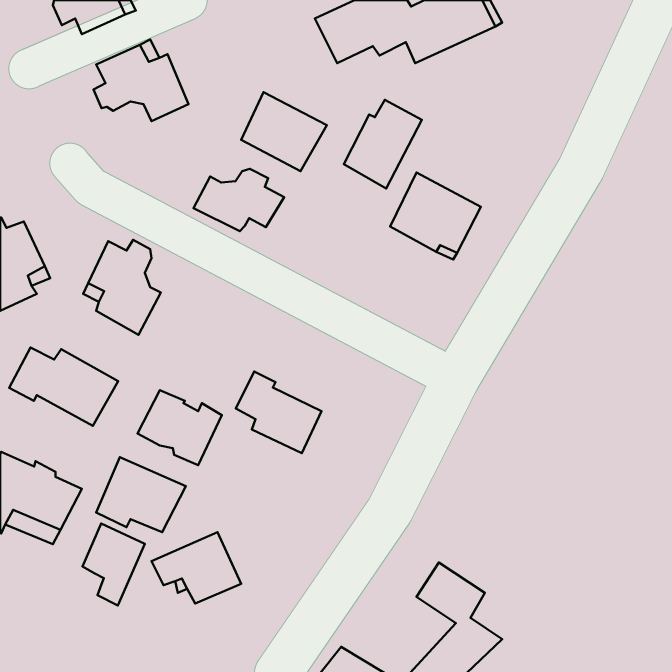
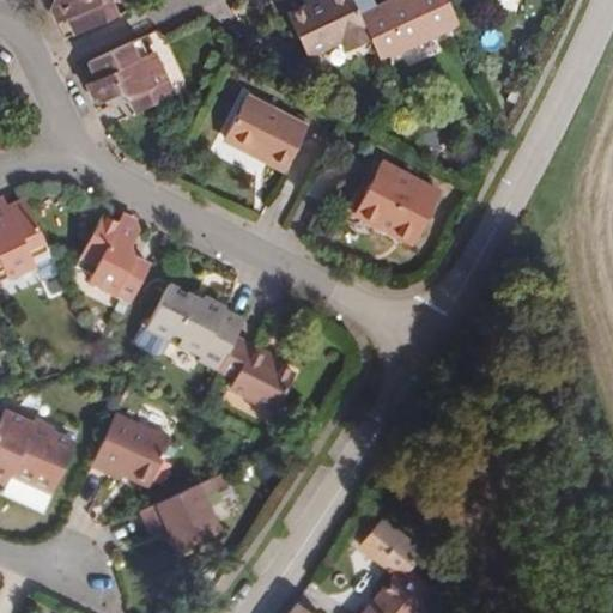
building: [344,100,422,188] -> none
building: [194,169,284,231] -> none
building: [9,348,118,426] -> none
building: [137,390,222,465] -> [148,287,225,356]
building: [83,524,145,605] -> none

